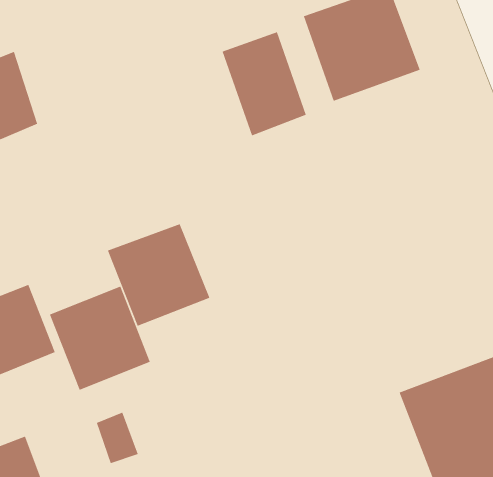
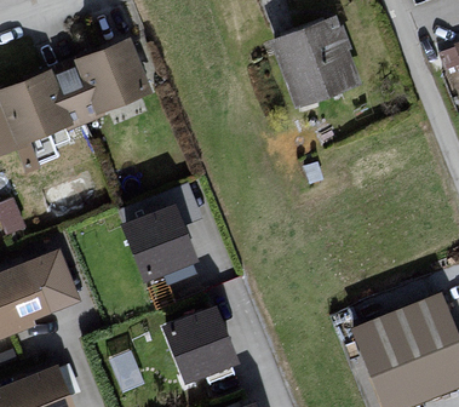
building: none -> [71,40,147,114]
building: [221,31,307,137] -> none
building: [49,285,151,391] -> [163,303,241,383]

